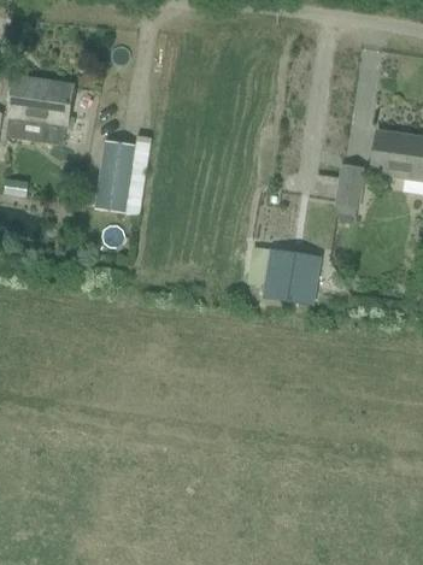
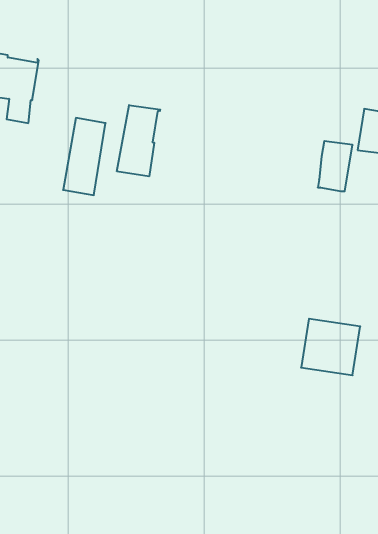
building: none -> [117,105,160,176]
building: [264,248,319,301] -> [301,319,360,375]

